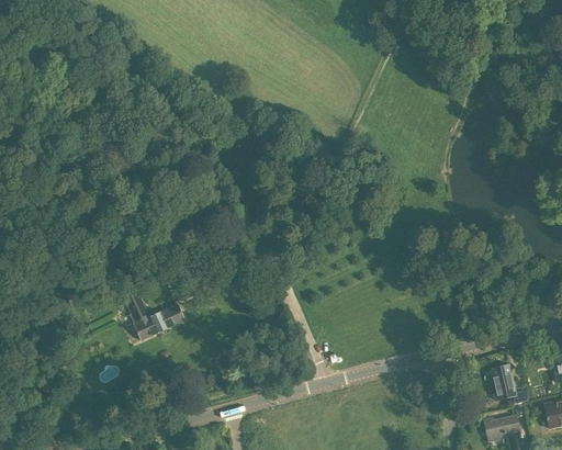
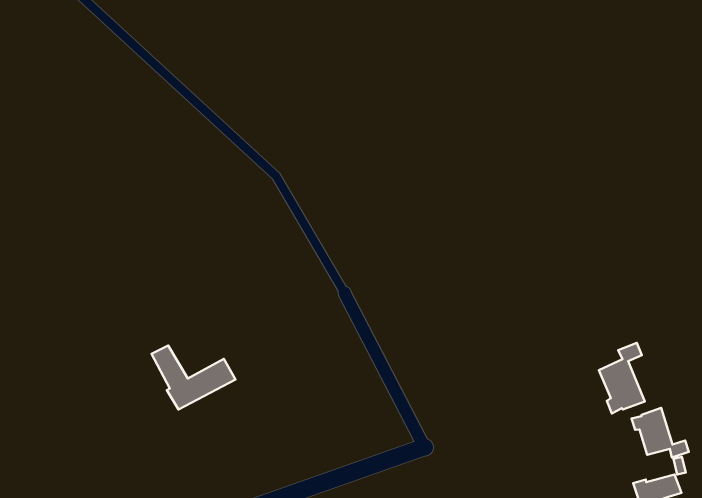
building: none -> [599,343,645,413]

